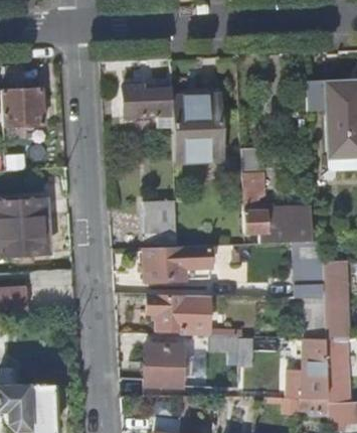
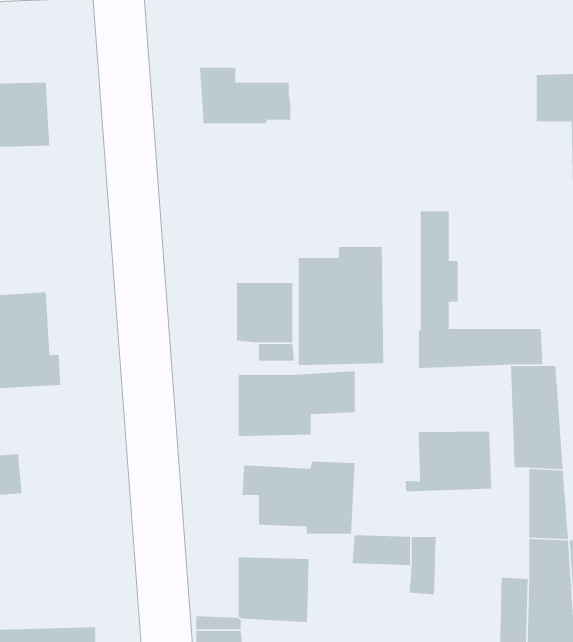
building: [175,93,222,158] -> [298,246,384,366]
building: none -> [405,431,492,492]

